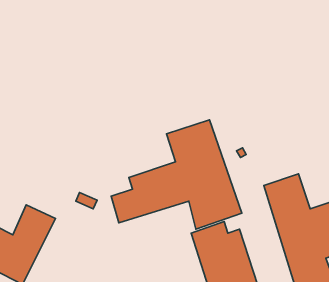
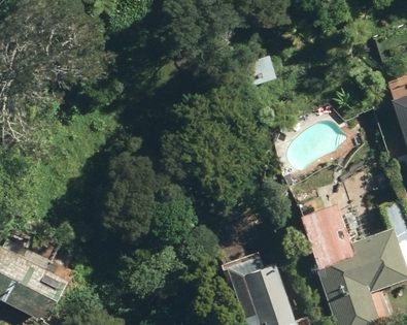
building: [111,120,242,229] -> none

